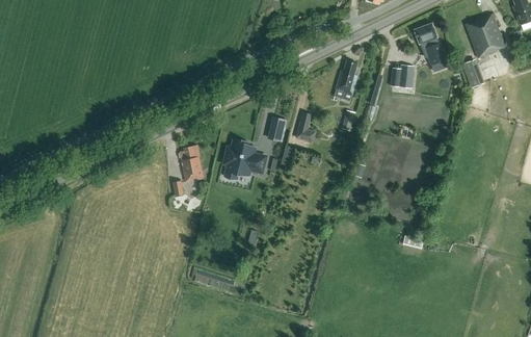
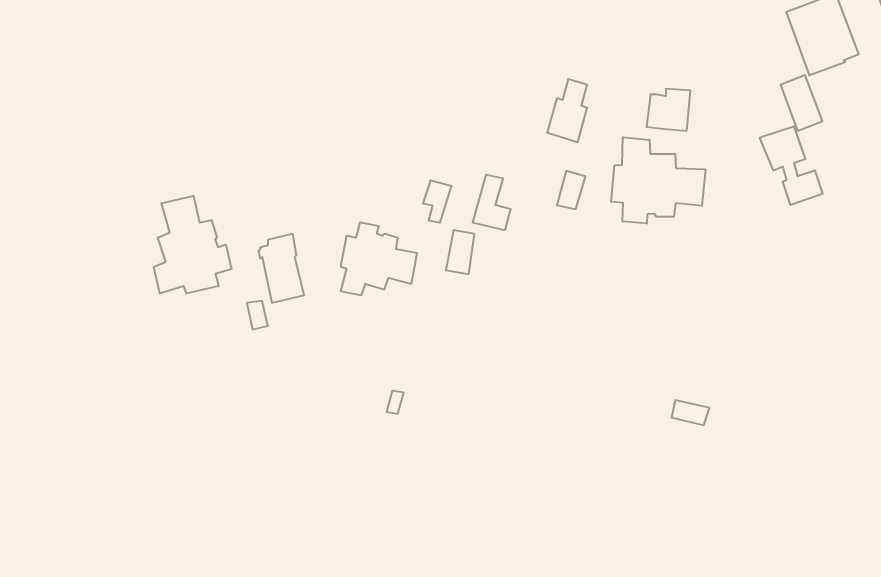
building: [414,23,448,66] -> [760,126,823,205]
building: none -> [611,137,705,224]
building: none -> [154,196,232,294]

